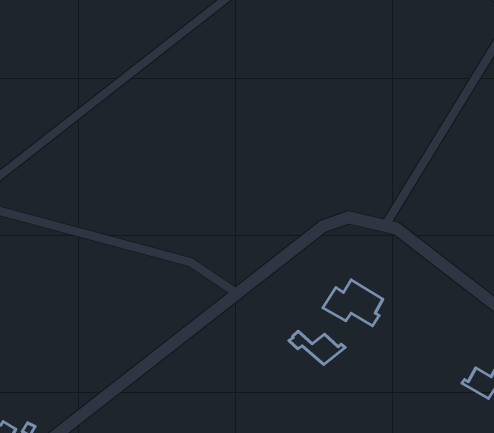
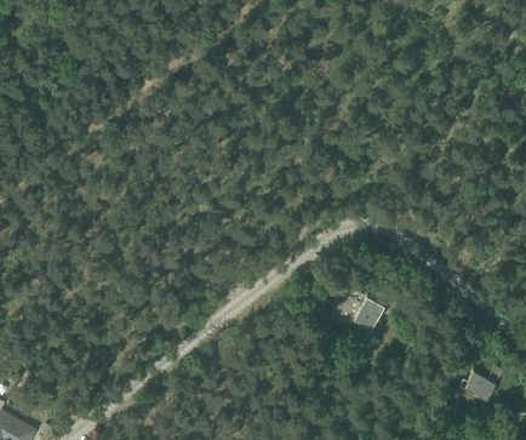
building: [289,331,345,364] -> none

